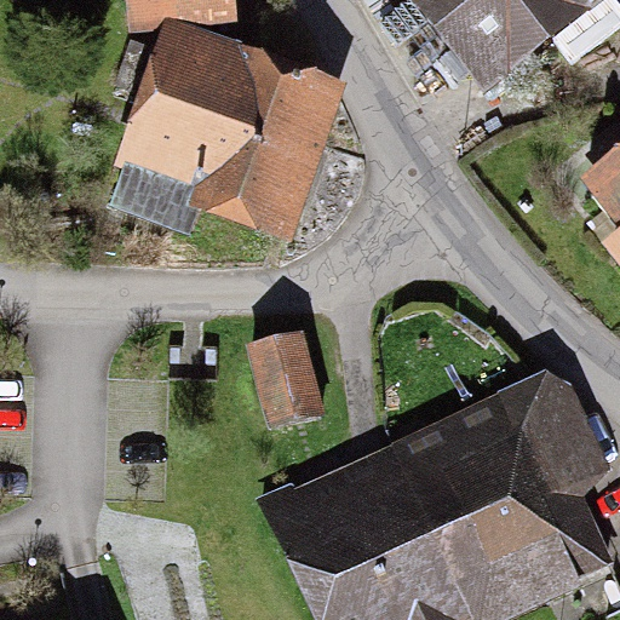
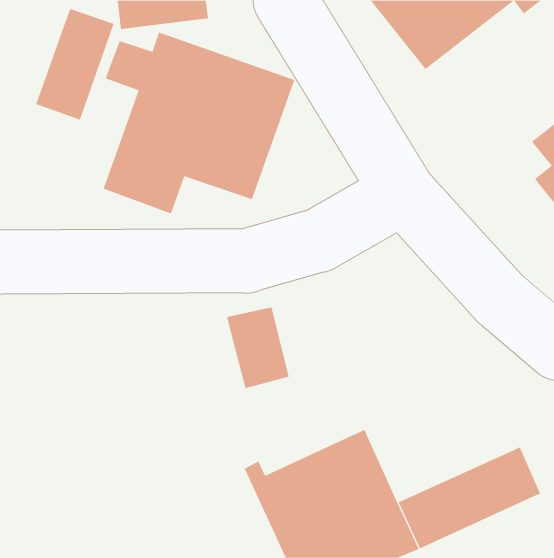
building: none -> [35,8,115,121]
building: [409,401,602,557] -> none

